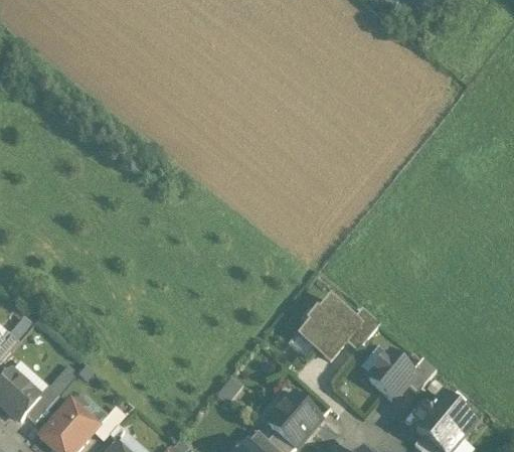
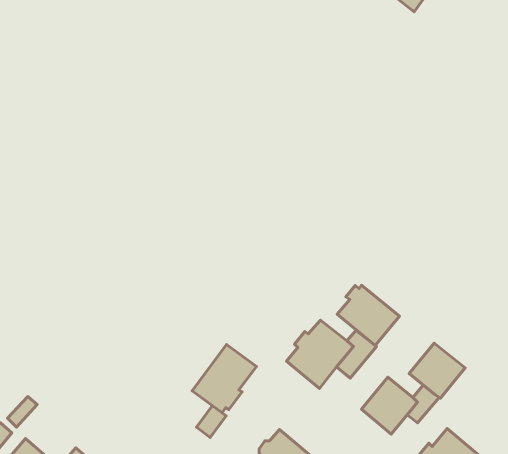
building: none -> [337,285,399,345]
building: none -> [409,343,465,398]
building: none -> [192,345,256,413]

